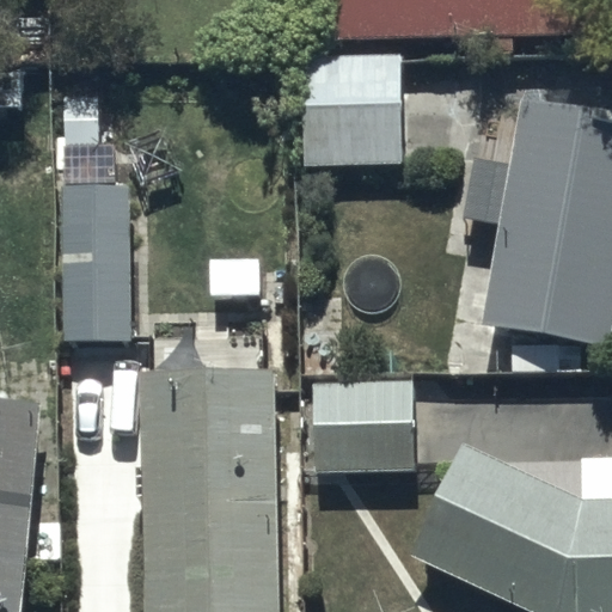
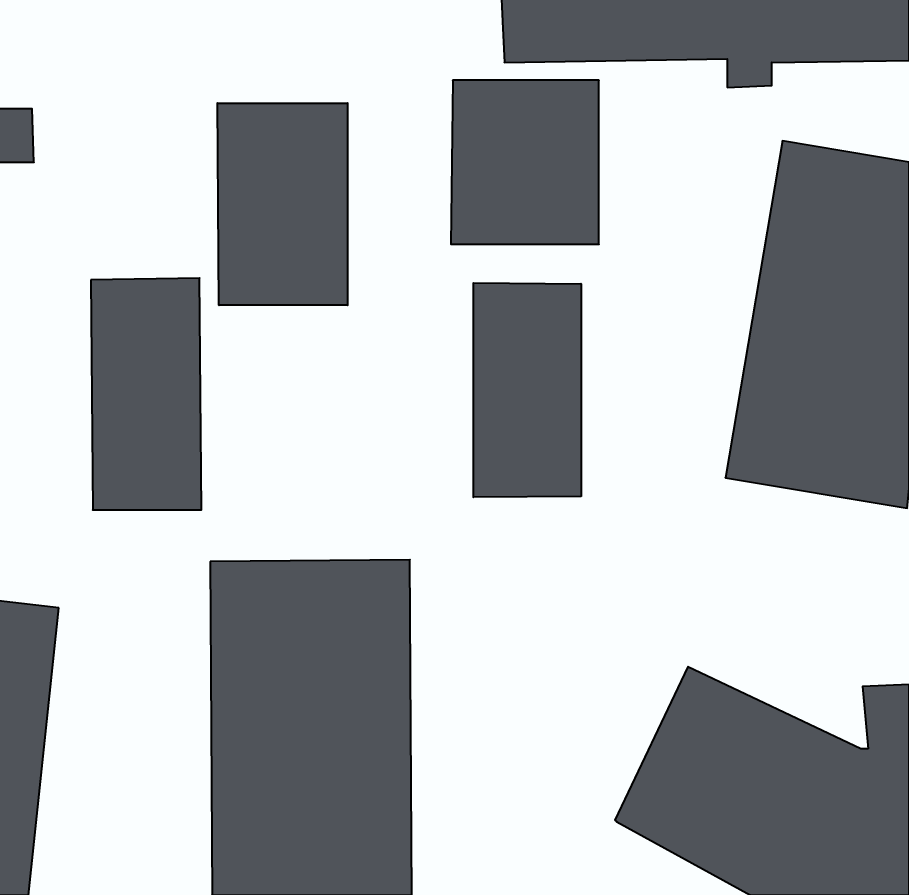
building: none -> [217,103,348,305]
building: none -> [473,283,581,497]
building: [313,372,414,471] -> none

